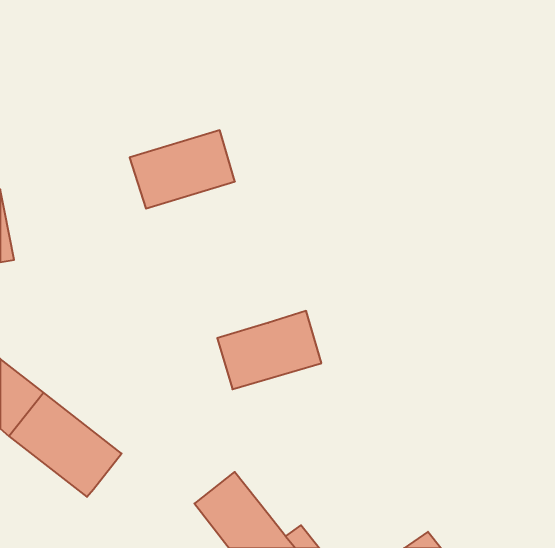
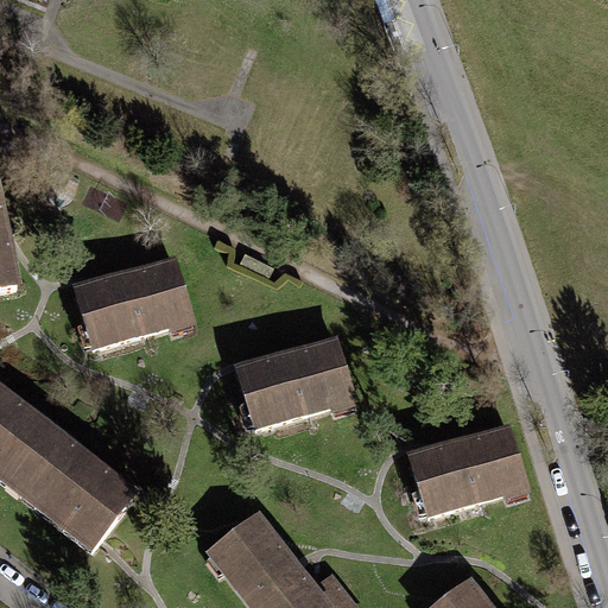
building: [130,130,235,209] -> [75,260,190,346]
building: none -> [410,428,525,512]

